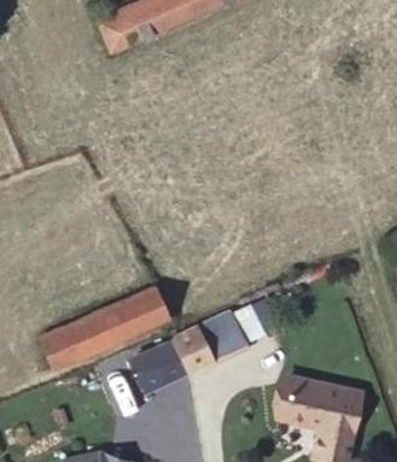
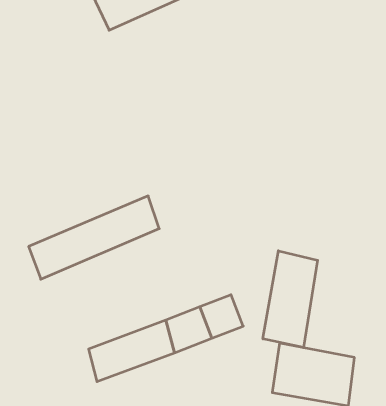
building: none -> [263,251,318,348]
building: [39,282,169,365] -> [29,196,159,279]

